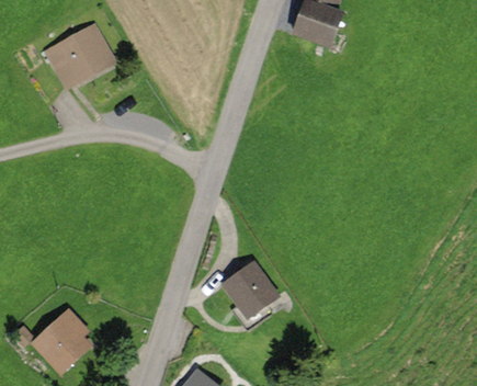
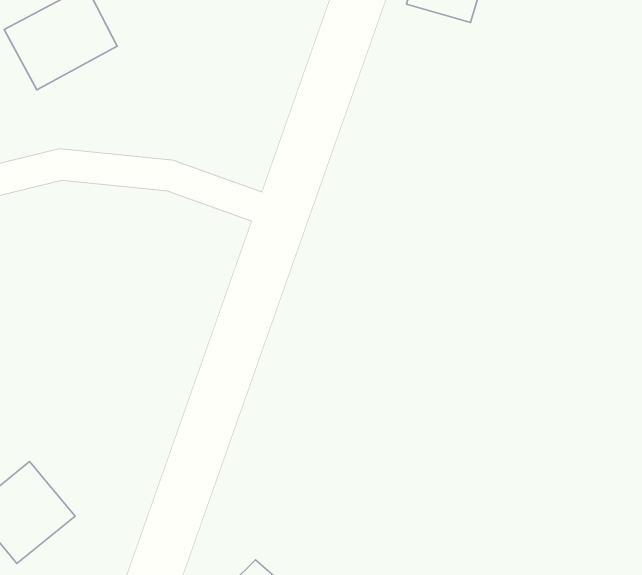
building: [229,265,279,316] -> none

